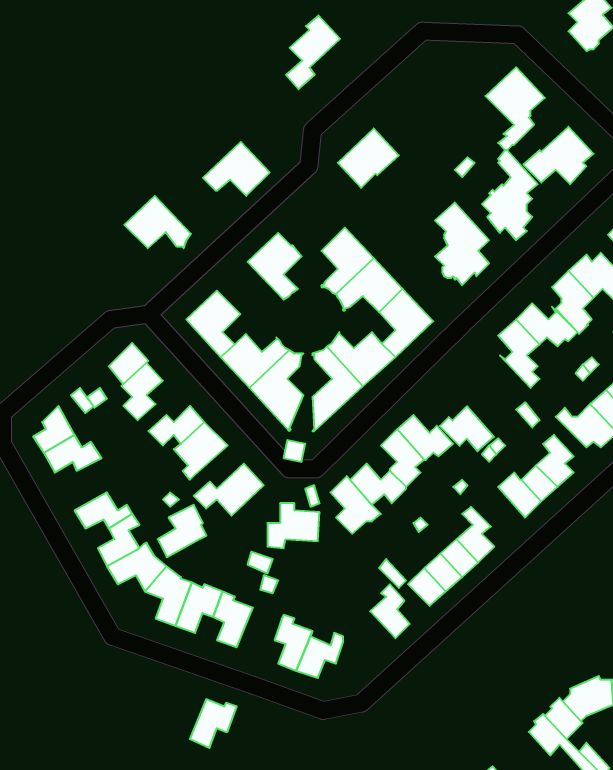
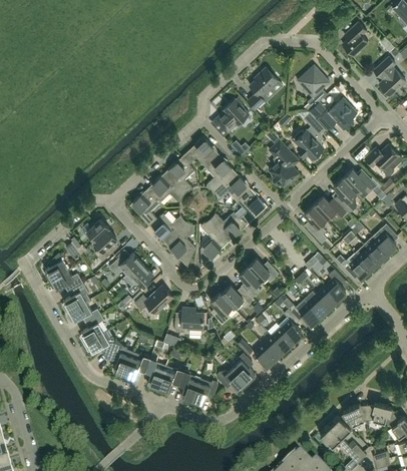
building: [286,15,340,89] -> [248,68,278,109]
building: [203,142,270,196] -> [181,137,219,167]
building: [124,196,191,248] -> [147,173,184,202]
building: [440,406,494,451] -> [289,299,319,324]
building: [158,505,206,557] -> [63,283,90,312]
building: none -> [217,368,247,391]
building: [190,699,237,748] -> [158,366,184,393]

